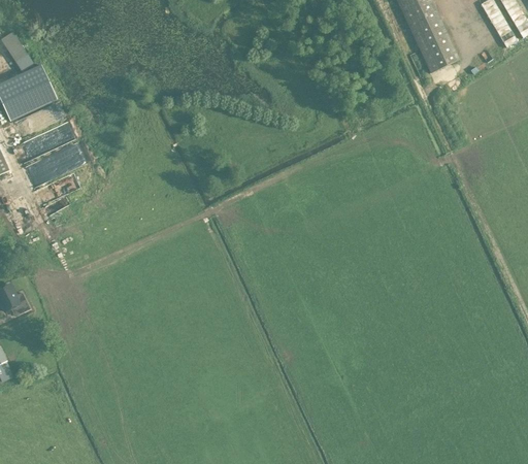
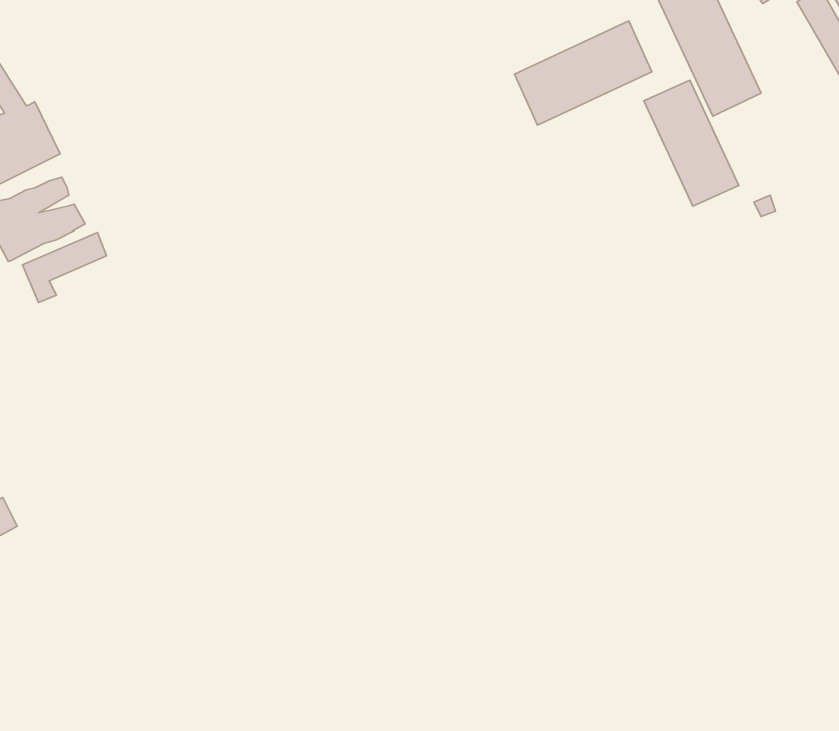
building: none -> [514,21,652,125]
building: none -> [644,80,739,206]

